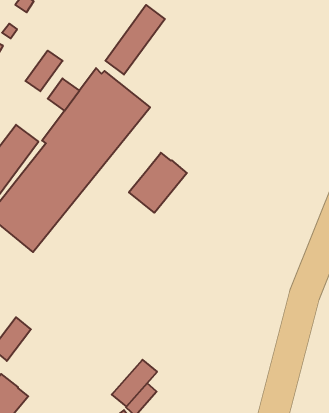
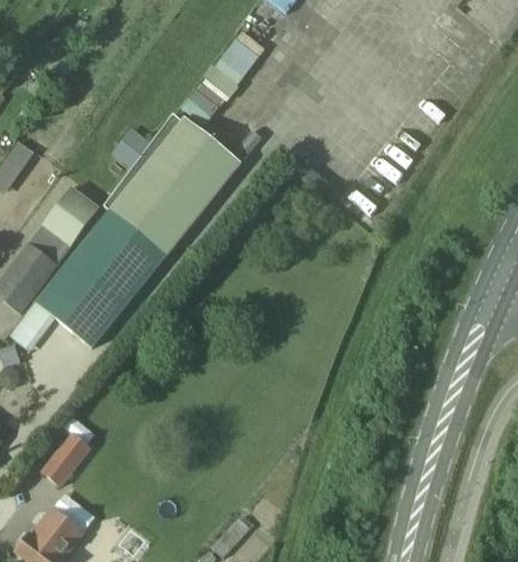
building: [25,51,63,91] -> none
building: [129,153,187,213] -> none
building: [112,360,157,407] -> none

